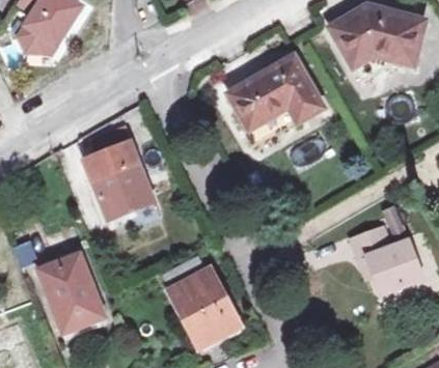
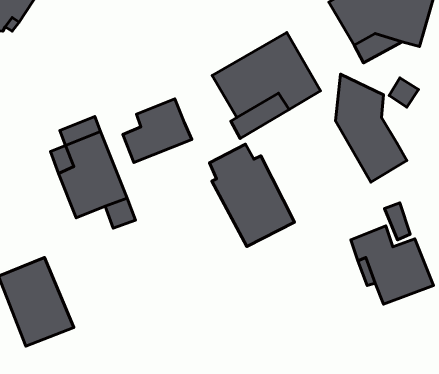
building: none -> [335,74,407,182]
building: none -> [123,99,192,162]
building: [165,256,241,347] -> [210,144,295,247]

